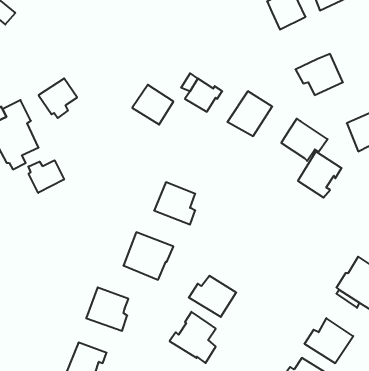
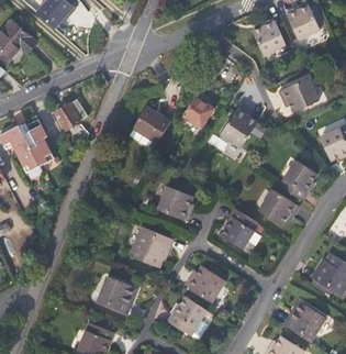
building: [281,119,328,161] -> [257,188,297,224]
building: [28,160,64,193] -> none
building: none -> [220,208,257,250]

